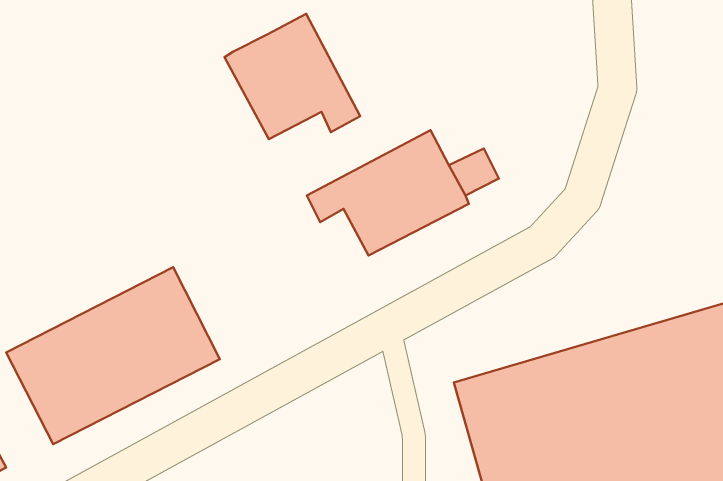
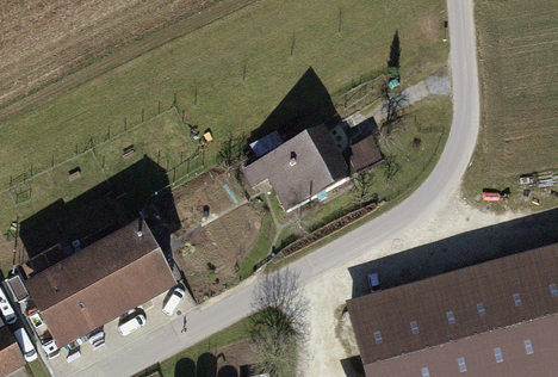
building: [224,14,360,139] -> none

